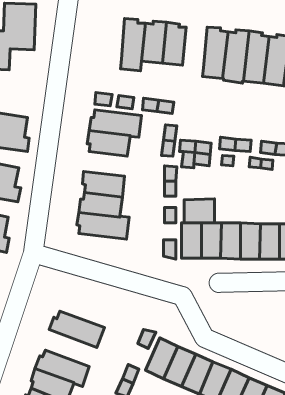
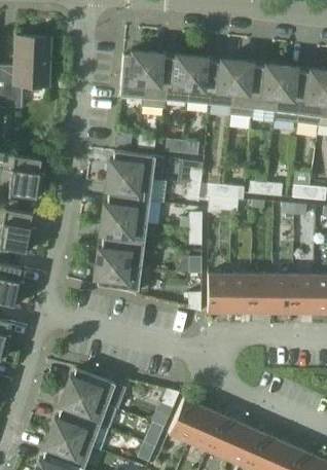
building: none -> [119,51,146,97]
building: none -> [209,60,235,106]
building: none -> [102,196,149,223]
building: [184,199,214,223] -> none
building: none -> [61,389,116,429]

